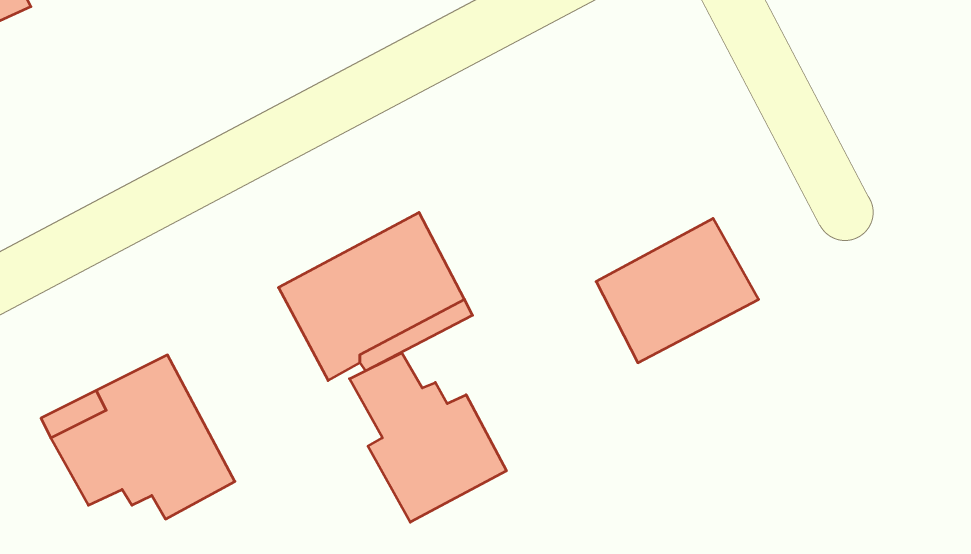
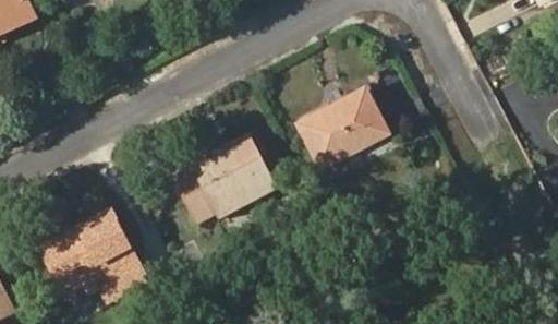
building: [596,218,759,363] -> [301,86,390,166]
building: [349,353,506,522] -> none

